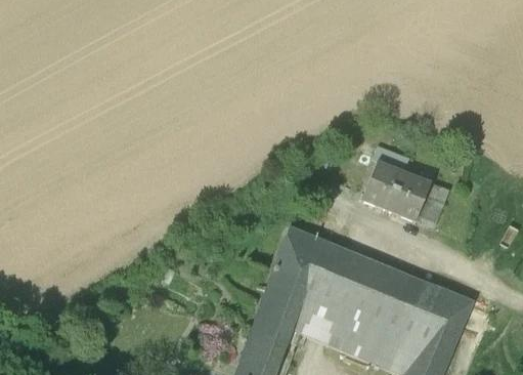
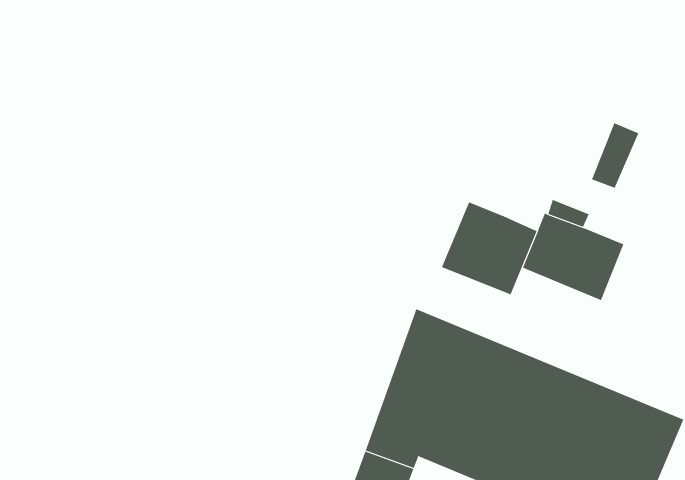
building: none -> [441,201,537,295]
building: [417,182,449,227] -> [591,123,639,189]

